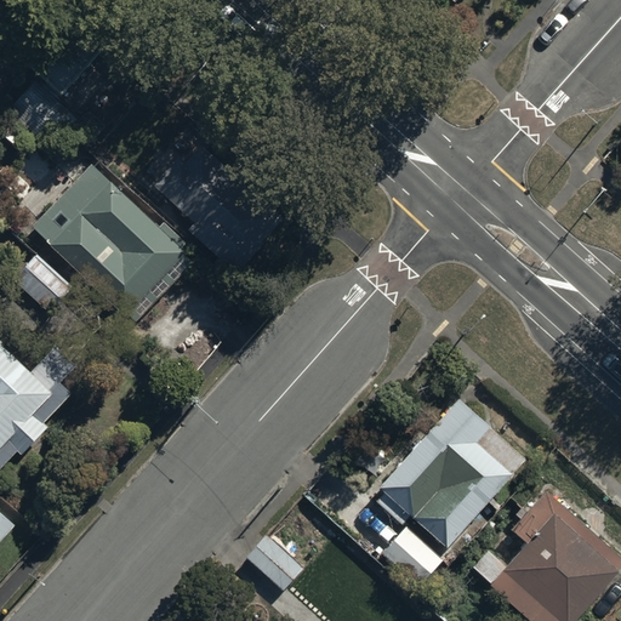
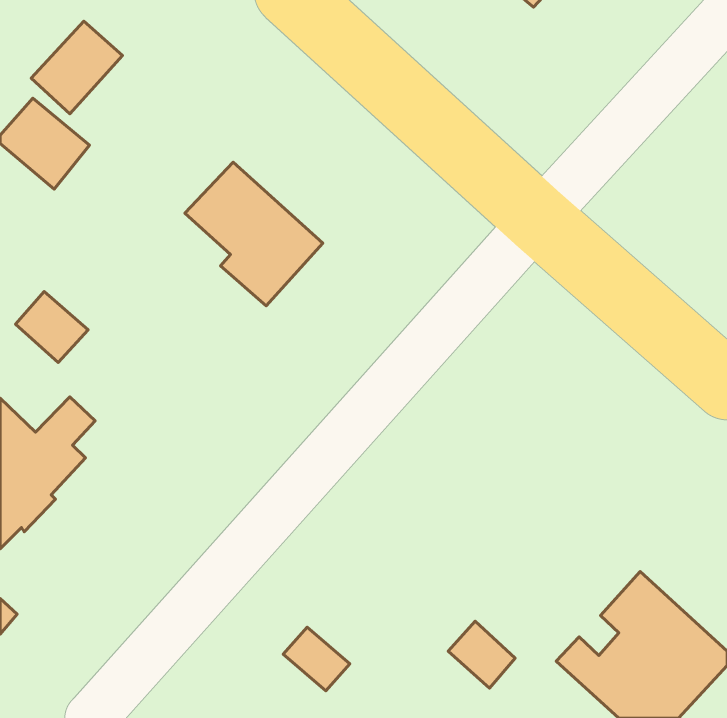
building: [32,164,193,319] -> none
building: [374,405,513,553] -> none

